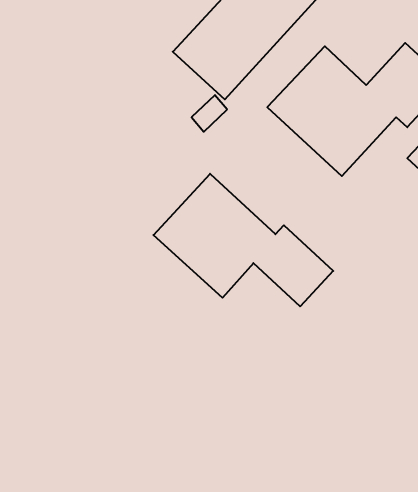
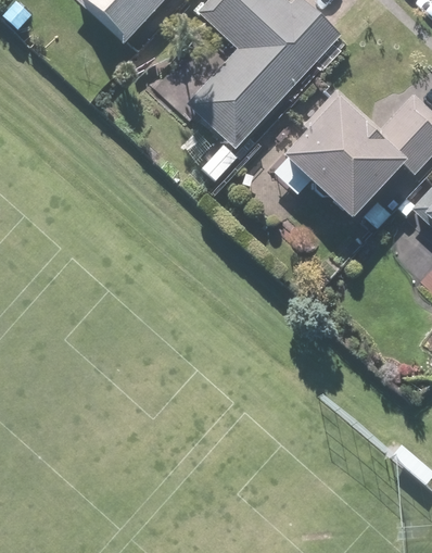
building: [153,174,333,306] -> none

